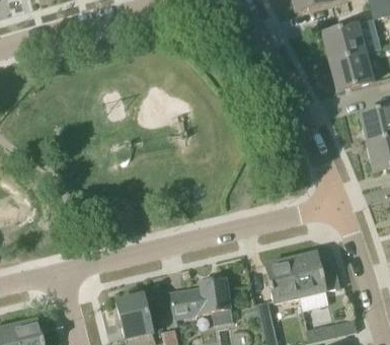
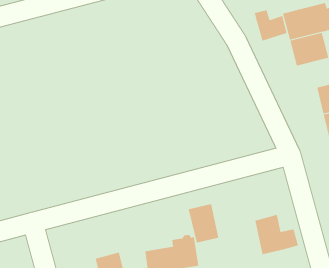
building: none -> [254,9,287,42]
building: [264,259,299,302] -> [188,204,219,243]

